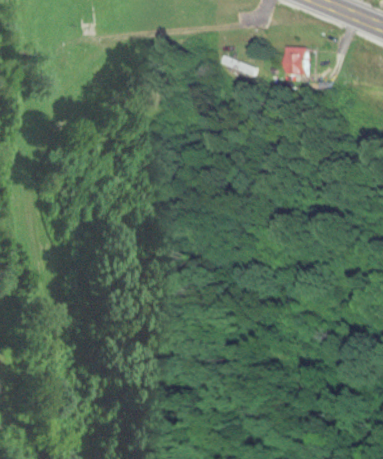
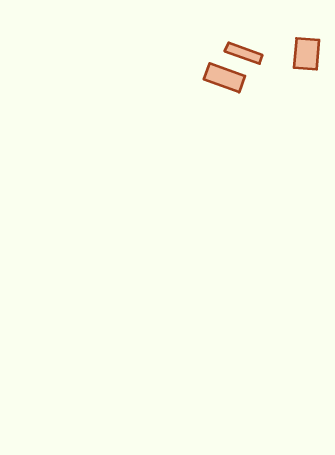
building: none -> [204,63,245,92]

